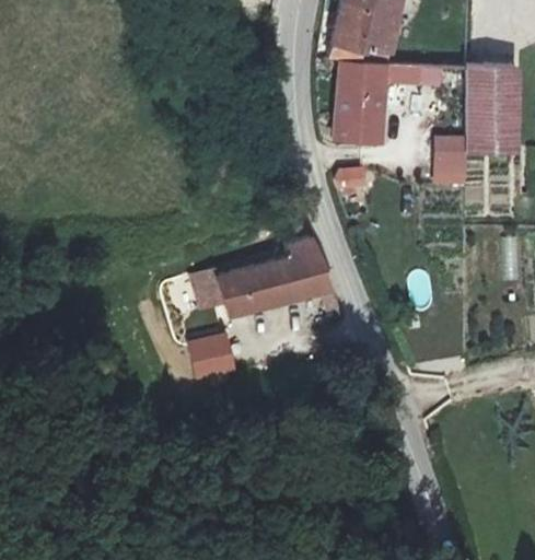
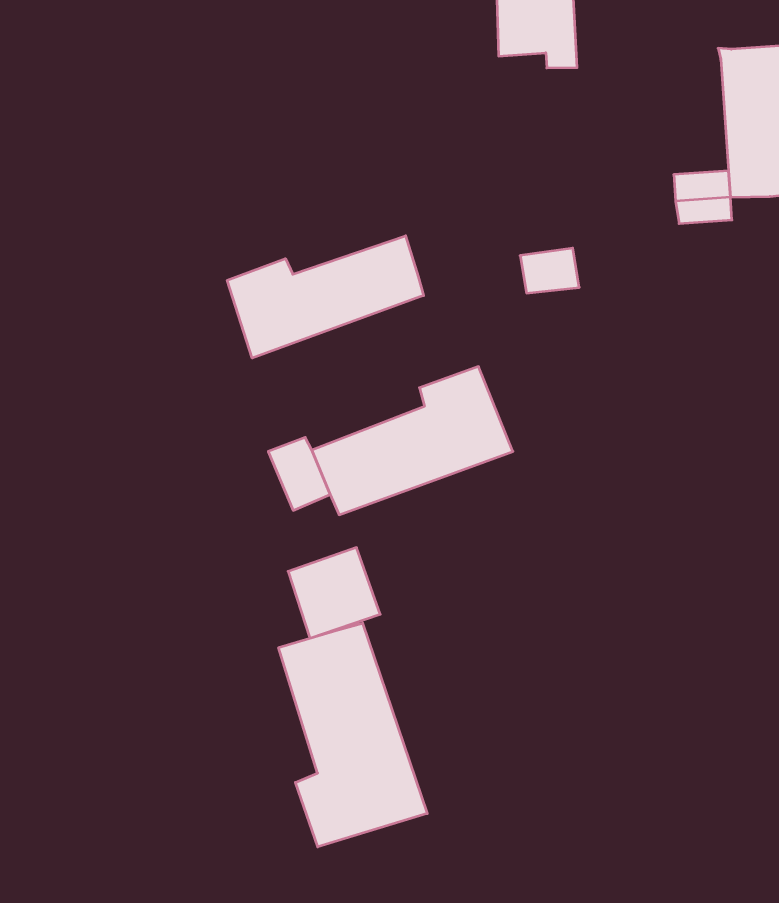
building: [334,68,411,138] -> none
building: none -> [227,236,424,358]
building: none -> [279,623,427,847]

